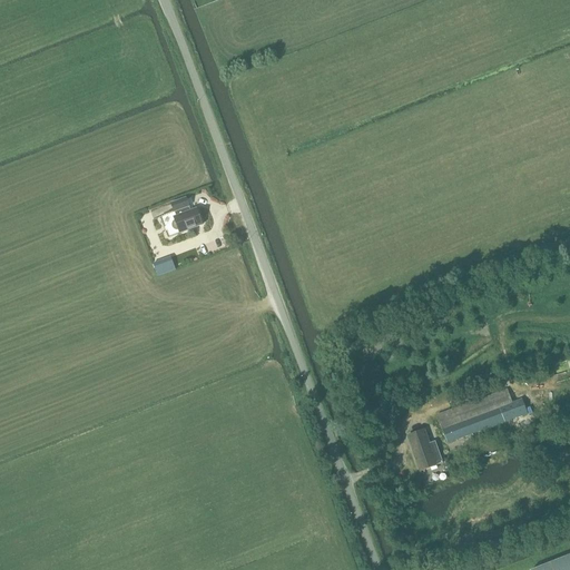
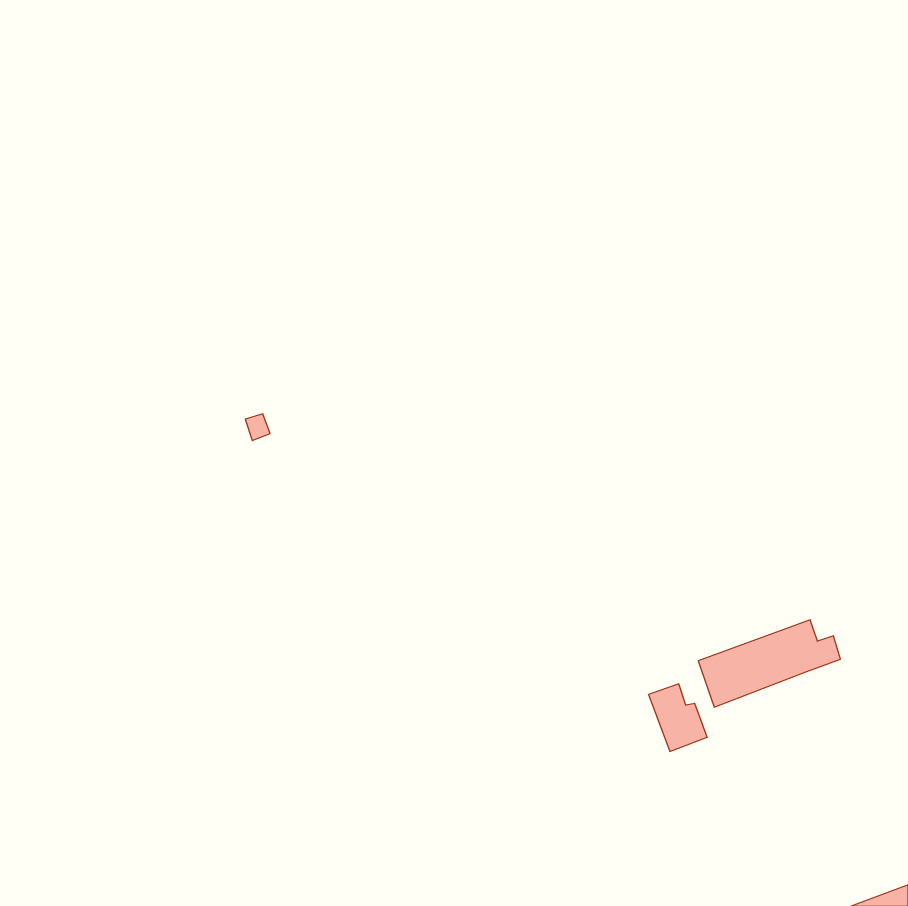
building: [171,198,203,233] -> none

